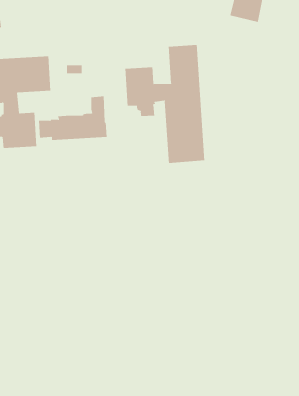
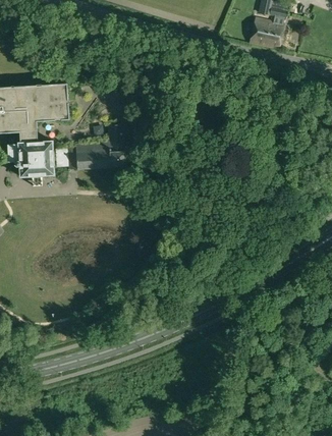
building: [125,44,205,164] -> none

